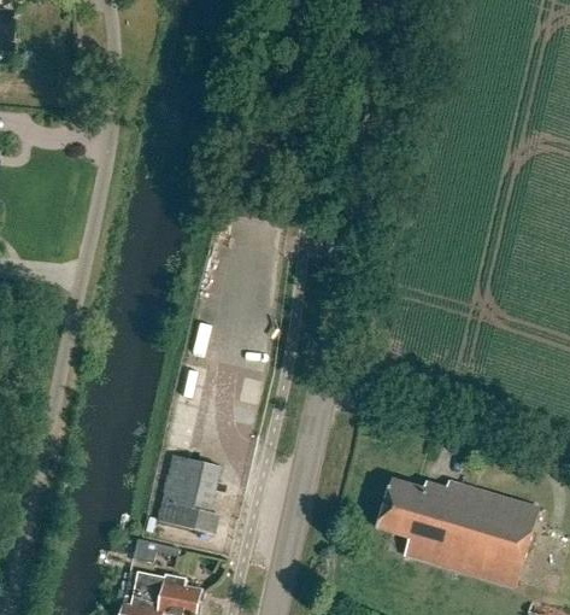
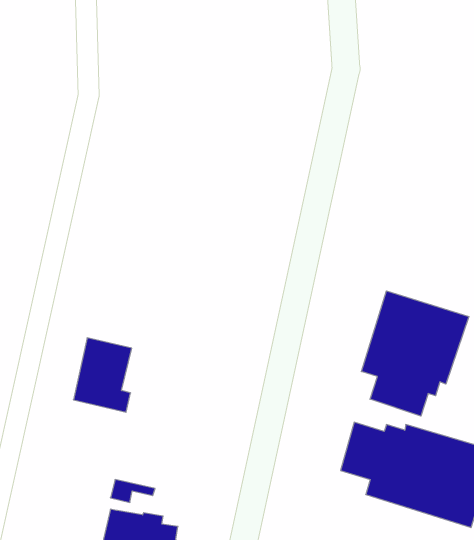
building: none -> [361,291,469,416]
building: [159,455,221,533] -> [73,338,132,412]

